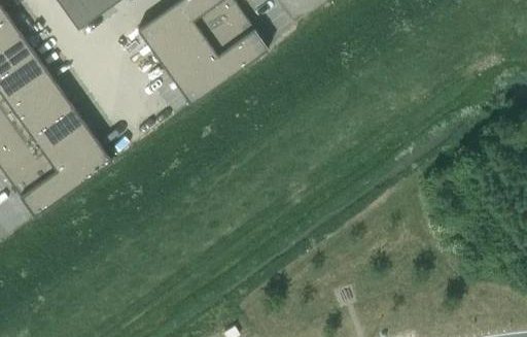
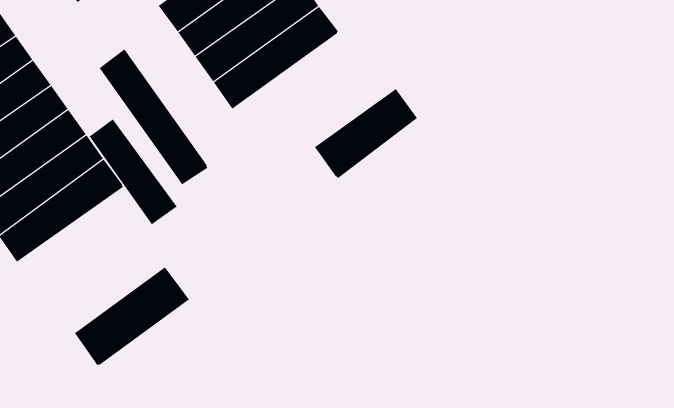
building: none -> [99,49,209,185]
building: none -> [314,88,417,179]
building: none -> [89,119,177,225]
building: none -> [74,266,189,366]

